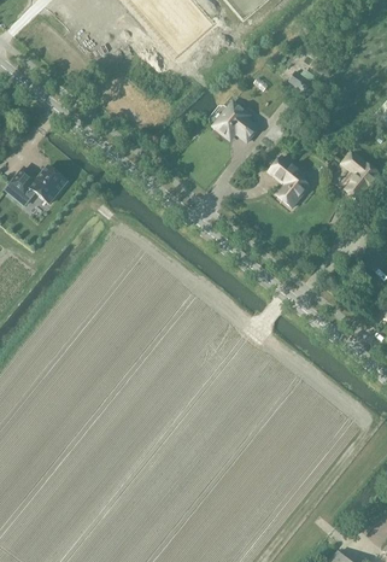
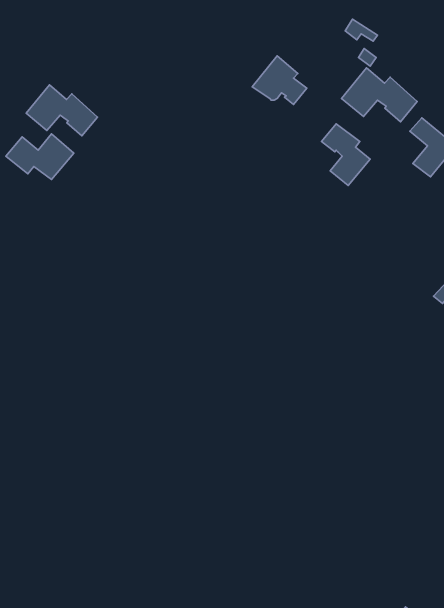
building: none -> [341,68,417,122]
building: none -> [26,85,97,136]

